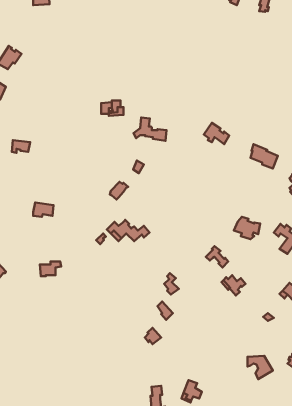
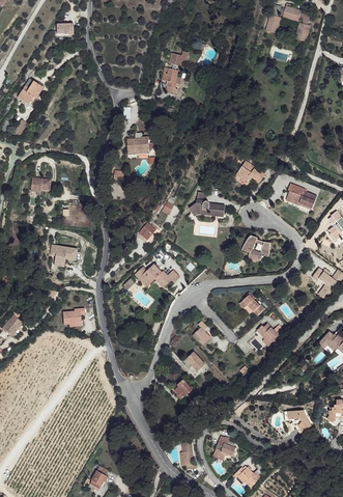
building: none -> [162,52,188,94]
building: [133,118,166,141] -> [189,192,224,217]
building: [234,217,260,239] -> [241,236,269,259]

